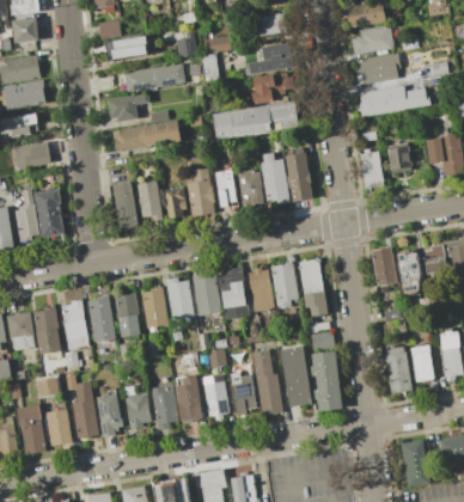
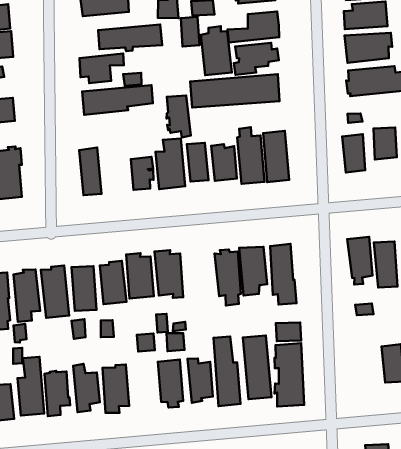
building: none -> [201,26,232,75]
building: [138,180,163,220] -> [166,96,191,138]
building: [218,267,249,319] -> none
building: [385,345,411,392] -> none
building: [176,374,203,424] -> none

